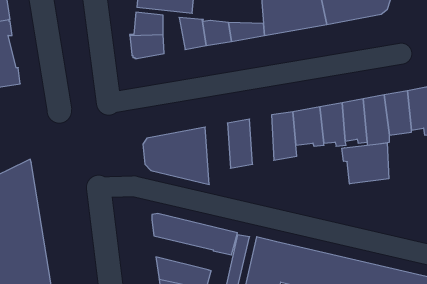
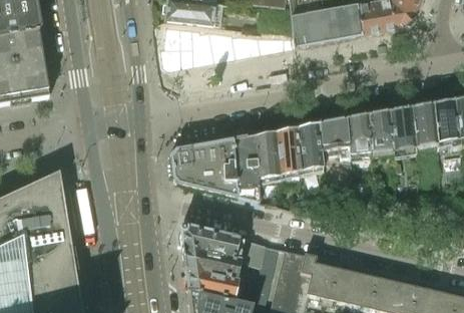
building: none -> [191,27,213,65]
building: none -> [278,126,302,176]
building: none -> [234,134,261,201]
building: [342,143,389,184] -> none
building: none -> [182,247,242,281]

